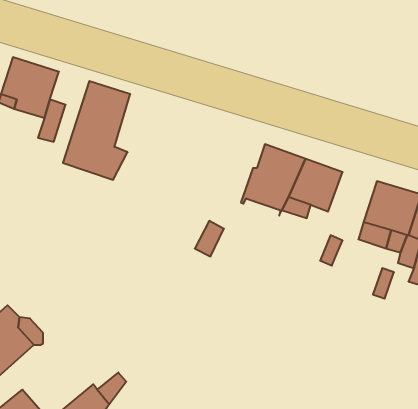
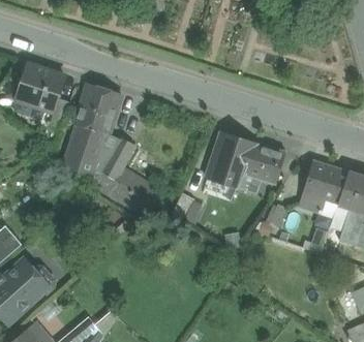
building: none -> [61,136,161,216]

